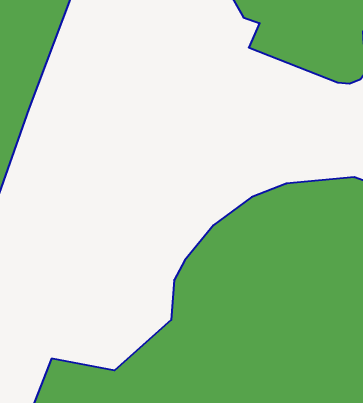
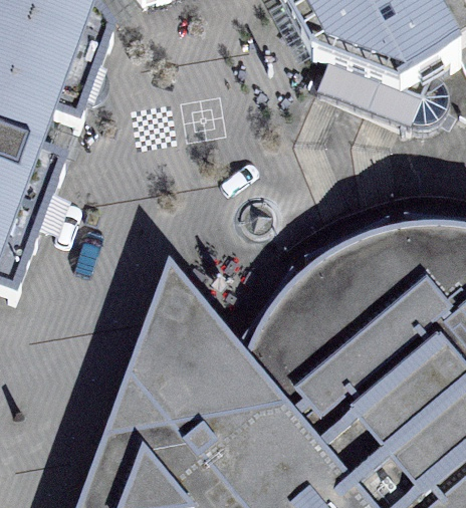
building: none -> [98,263,235,444]

